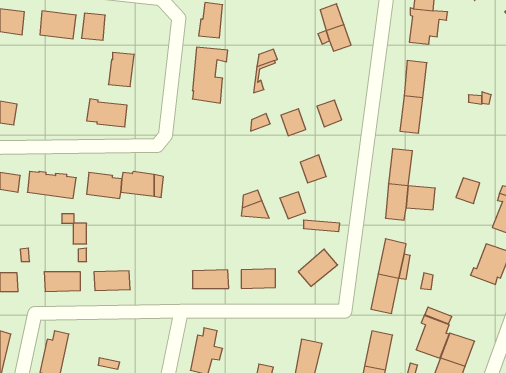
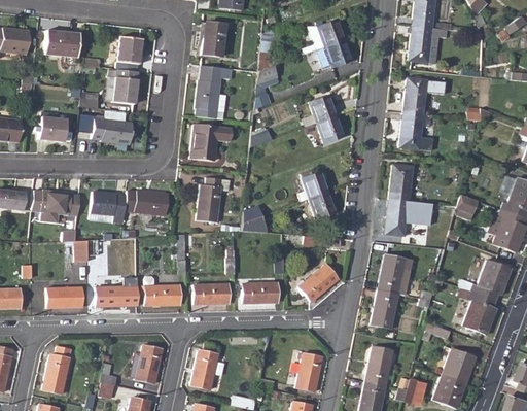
building: [81,13,105,40] -> [115,36,139,63]
building: none -> [37,115,65,140]
building: none -> [188,123,229,159]
building: [281,109,306,136] -> [311,96,336,123]
building: none -> [195,175,226,219]
building: [280,192,306,219] -> [309,193,335,219]
building: none -> [145,278,181,305]
building: [416,316,449,358] -> [462,290,495,333]
building: none -> [137,345,163,383]

